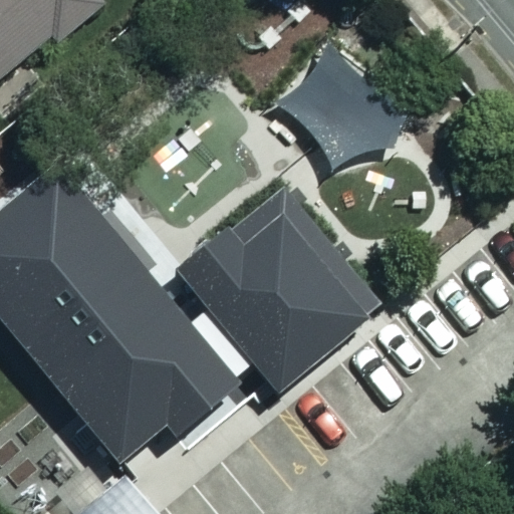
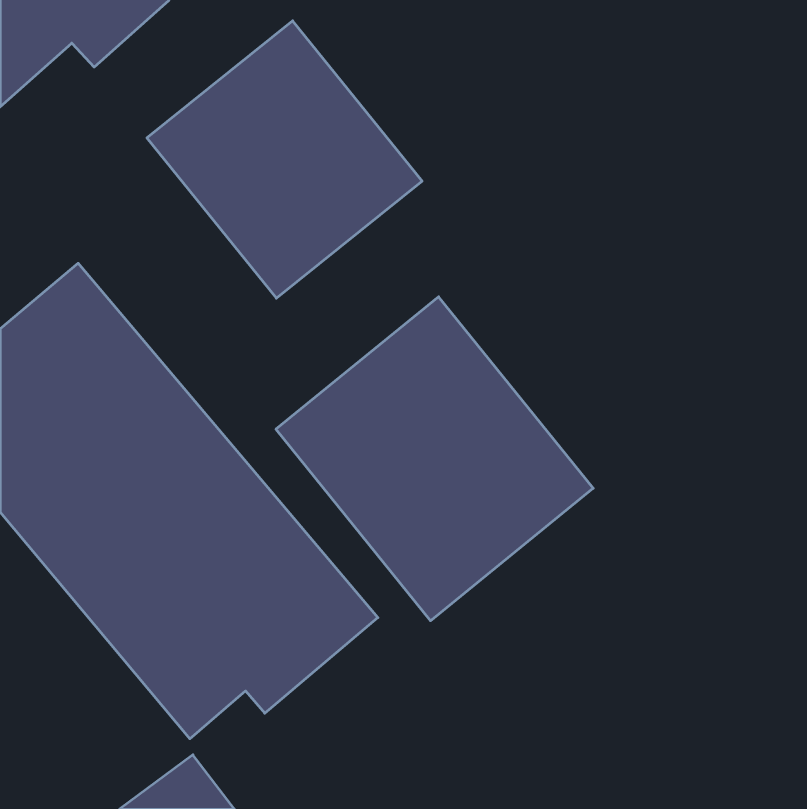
building: none -> [147,21,422,298]
building: [279,40,410,163] -> none

